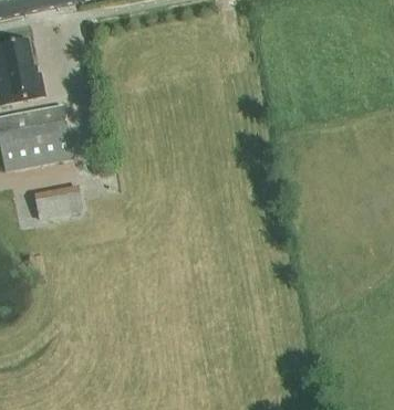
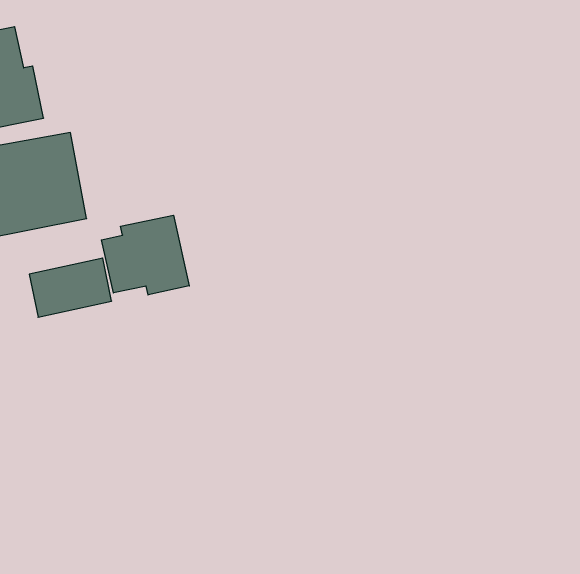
building: none -> [101,215,189,295]

